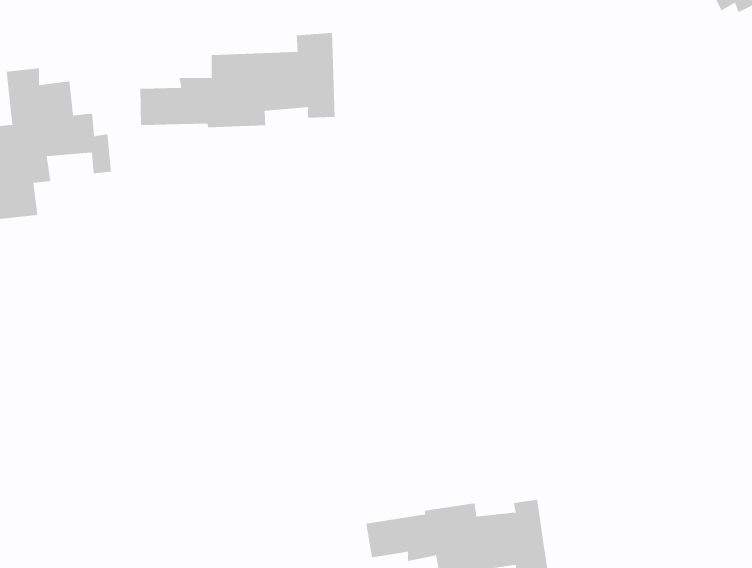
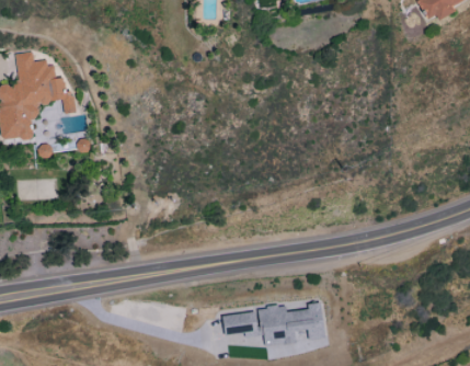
building: [140,32,335,128] -> none

